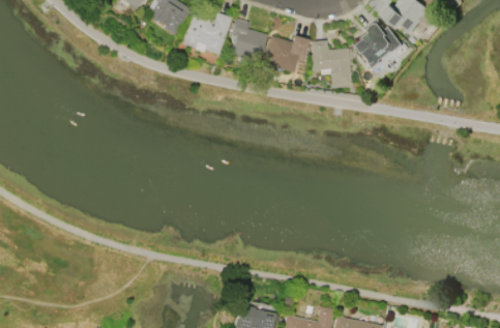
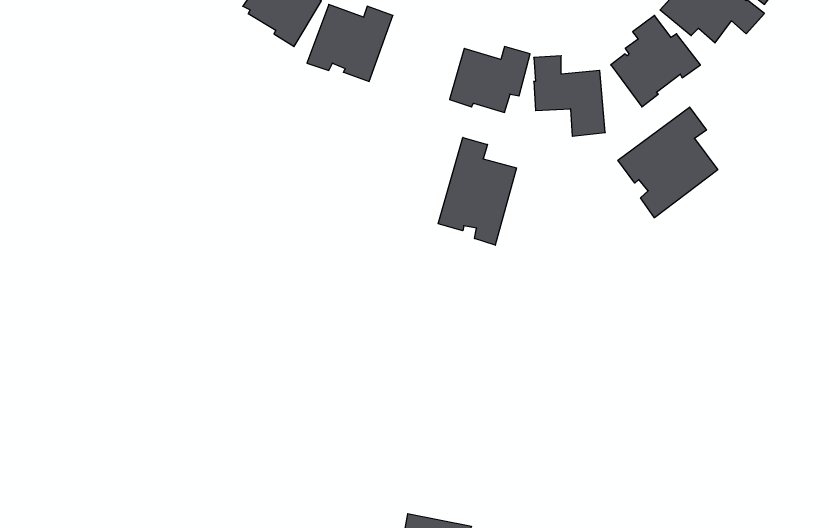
building: [230,18,267,61] -> none
building: none -> [618,107,718,218]
building: none -> [438,137,517,245]

